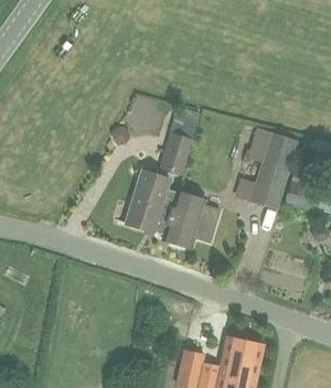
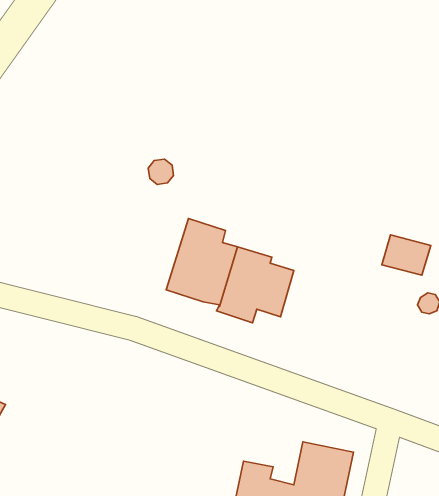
building: [159,111,199,175] -> none
building: [247,131,298,209] -> none

